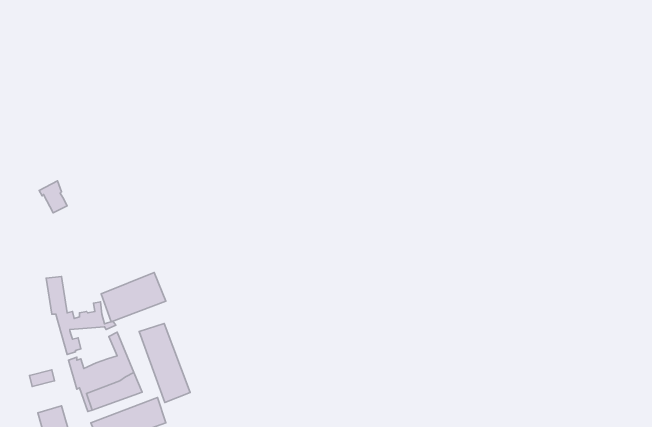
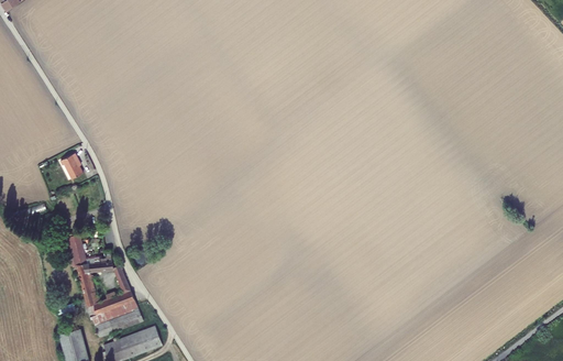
building: [101,273,166,322] -> none
building: [139,324,190,403] -> none

